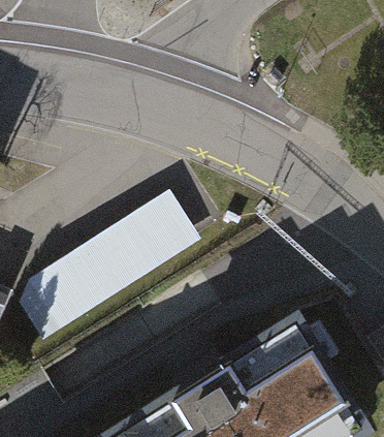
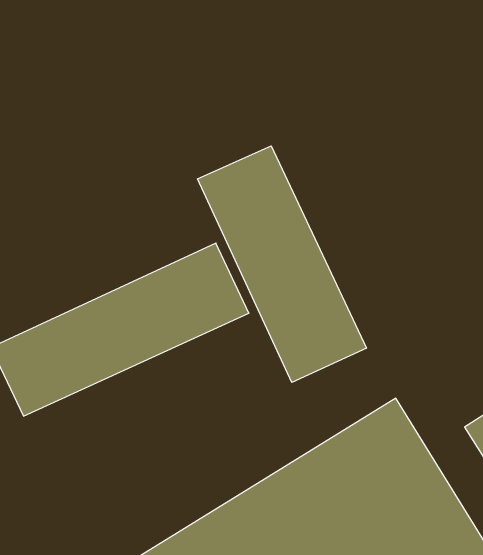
building: none -> [198,146,366,382]

